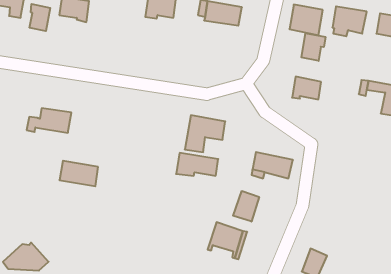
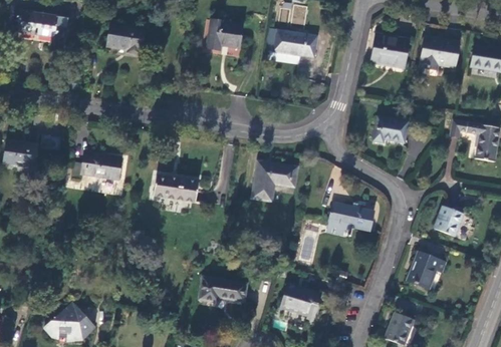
building: [30,4,50,31] -> none
building: [301,33,325,61] -> none
building: [176,153,218,176] -> [198,277,246,303]
building: none -> [434,206,463,238]
building: [59,161,98,186] -> [153,175,197,204]
building: [233,191,259,222] -> none
building: none -> [407,253,445,289]

